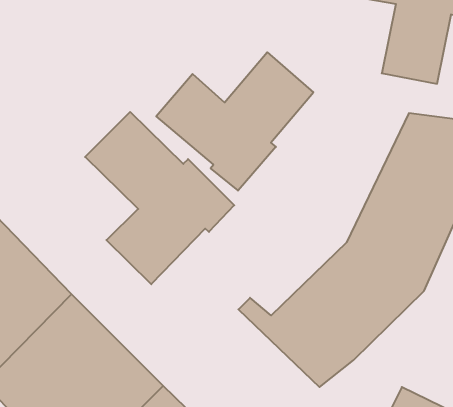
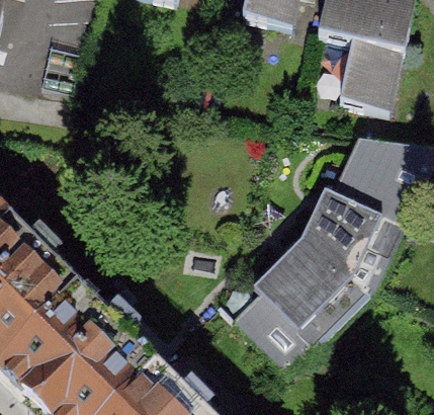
building: [156,52,313,191] -> none
building: [85,112,234,284] -> none

